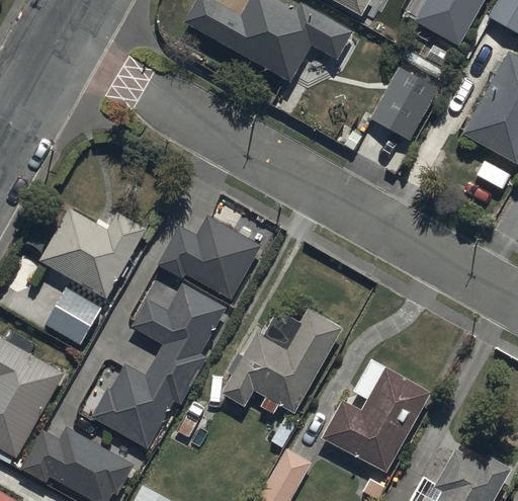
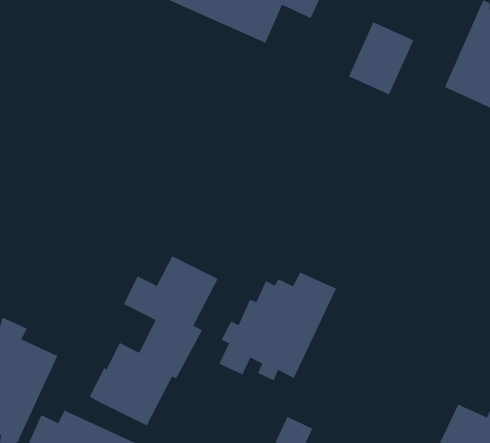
building: [40,210,147,298] -> none
building: [156,217,260,301] -> none
building: [44,289,101,345] -> none
building: [323,358,431,472] -> none

